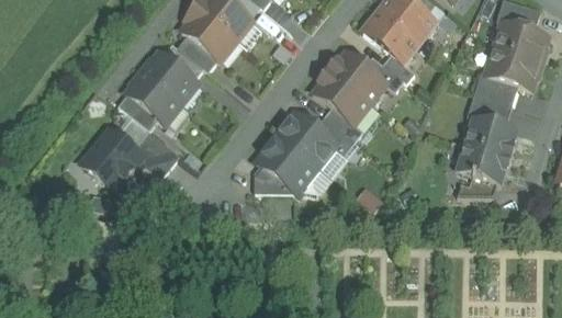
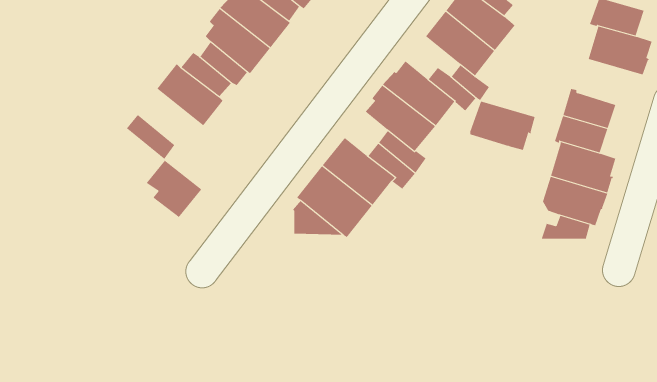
building: [486,48,540,89] -> [470,101,536,150]
building: [126,72,181,124] -> none
building: [81,129,144,191] -> none

